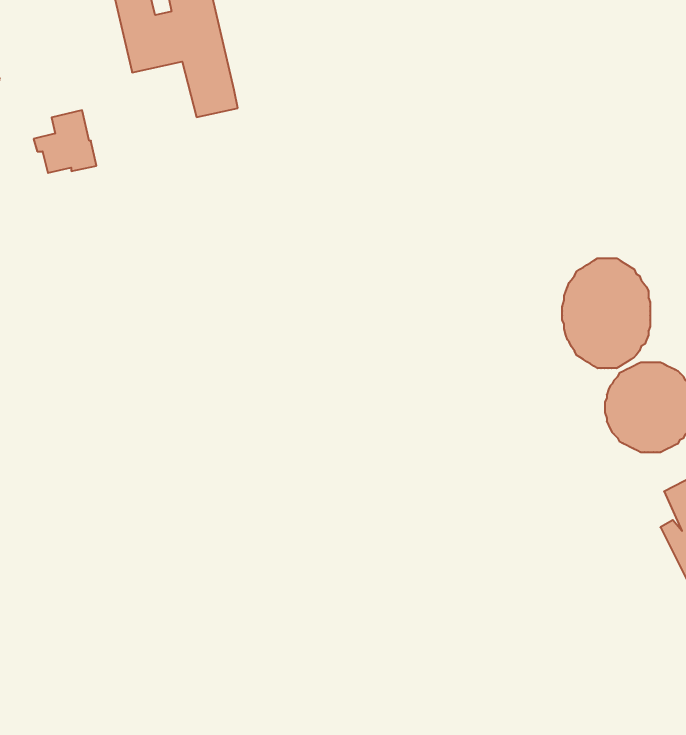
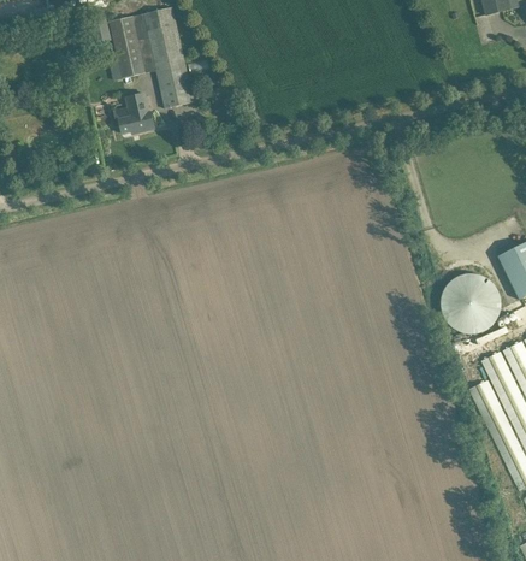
building: [34,110,96,173] -> [113,90,155,132]
building: [562,258,650,368] -> none

